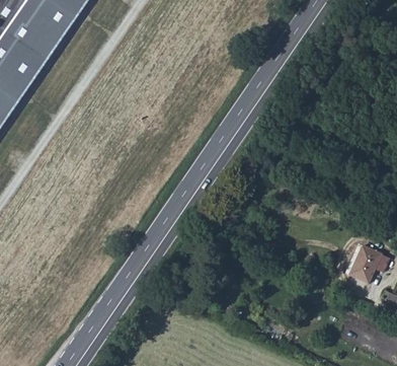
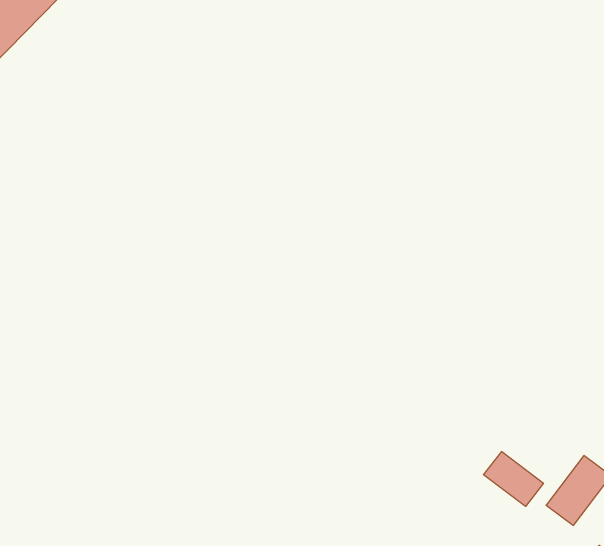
building: none -> [484,452,543,506]

